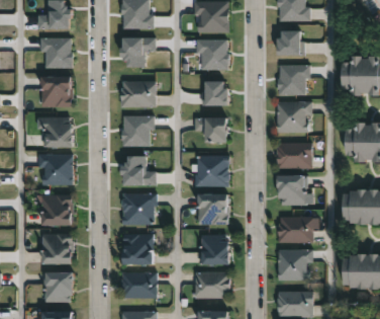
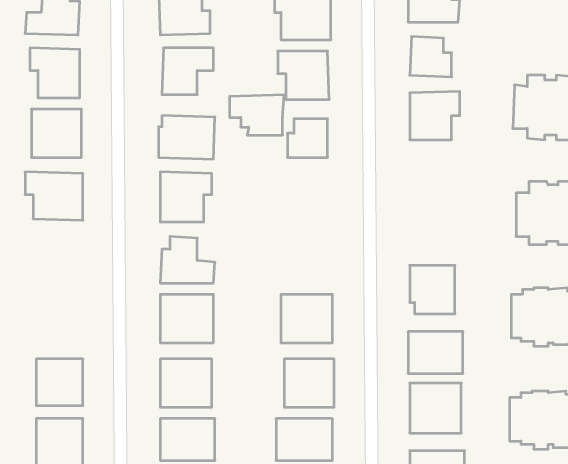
building: [278,102,313,134] -> none
building: [195,117,229,143] -> [230,95,284,135]
building: [278,143,313,170] -> none
building: [39,154,73,184] -> none
building: [197,156,230,186] -> none
building: [42,195,74,225] -> none

